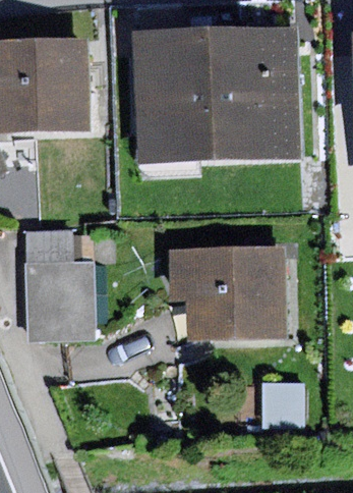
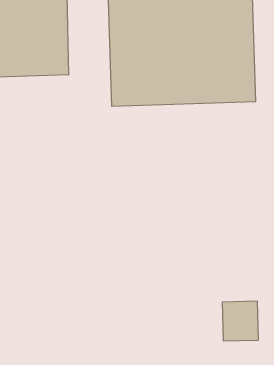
building: [25,230,97,340] -> none
building: [168,243,287,339] -> none

